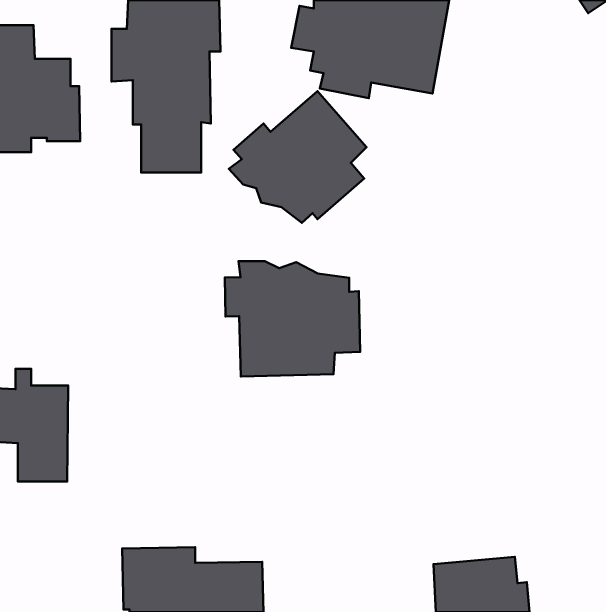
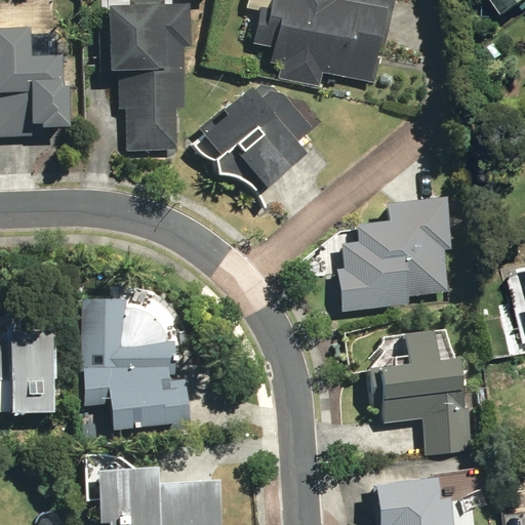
building: none -> [338,197,453,311]
building: [225,261,360,376] -> none
building: none -> [80,299,189,431]
building: none -> [370,330,470,454]

